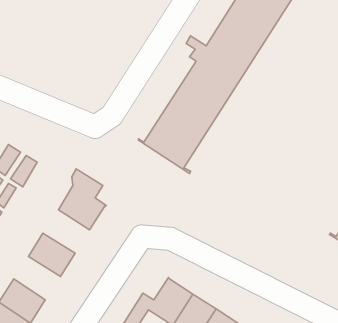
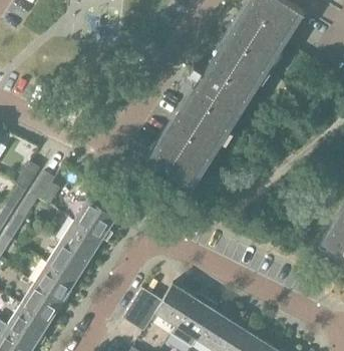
building: none -> [59,223,101,262]
building: none -> [33,265,75,304]

